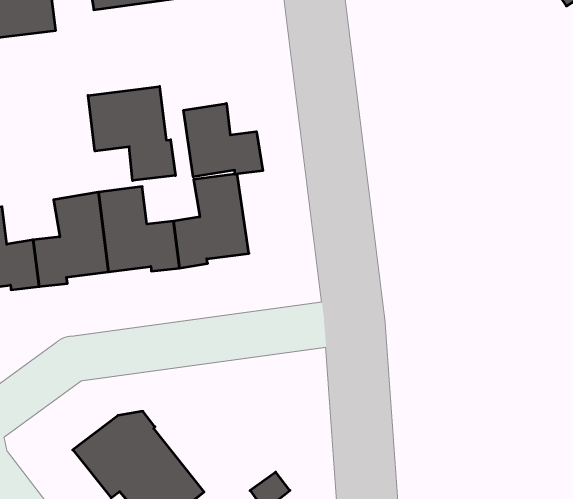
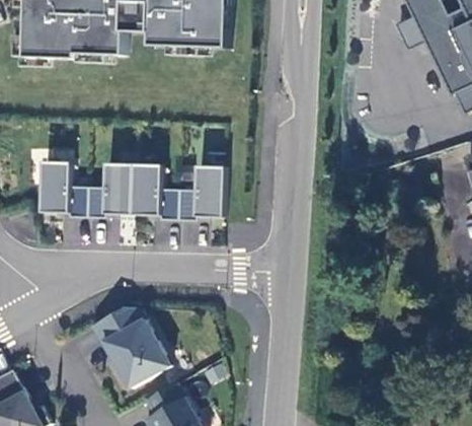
building: [88,86,175,181] -> none
building: [184,103,263,177] -> none

